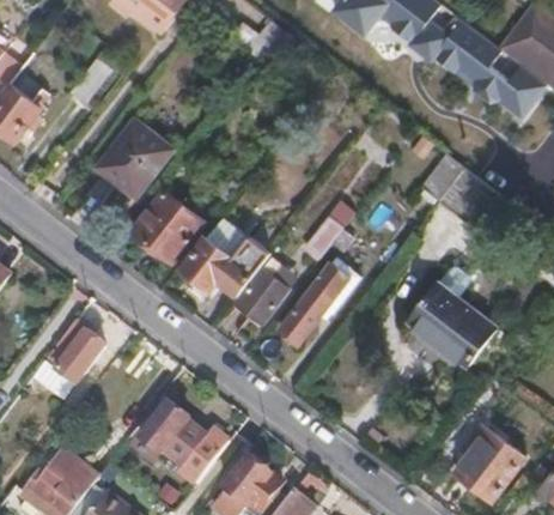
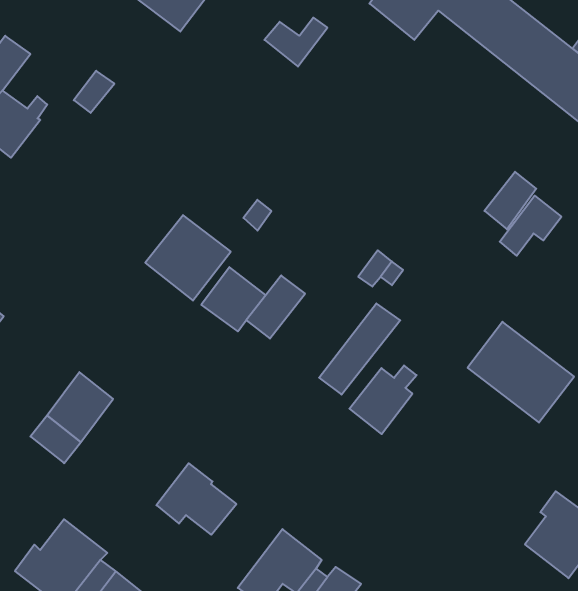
building: [98,116,175,195] -> none
building: [236,265,293,323] -> [349,365,417,434]

